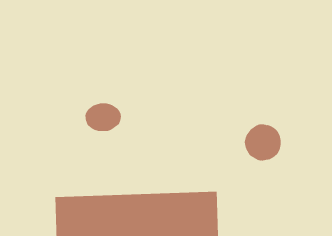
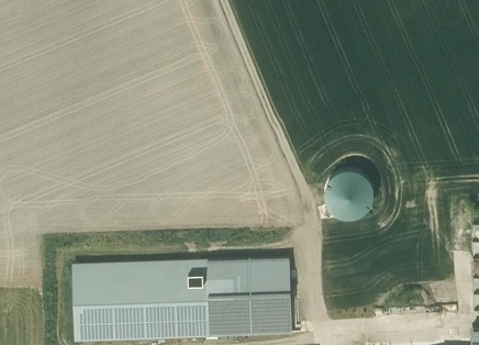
building: [85,102,121,132] -> none

